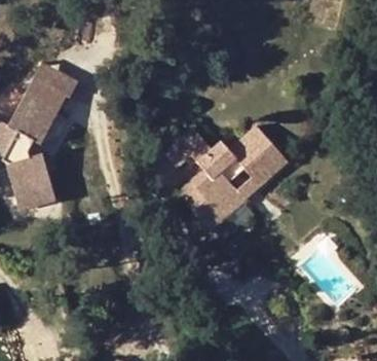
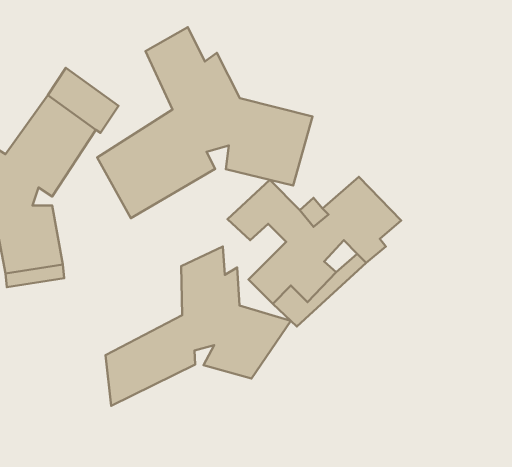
building: none -> [97,27,312,218]
building: none -> [106,246,291,406]

